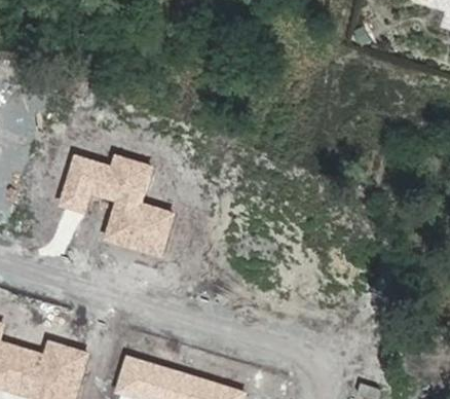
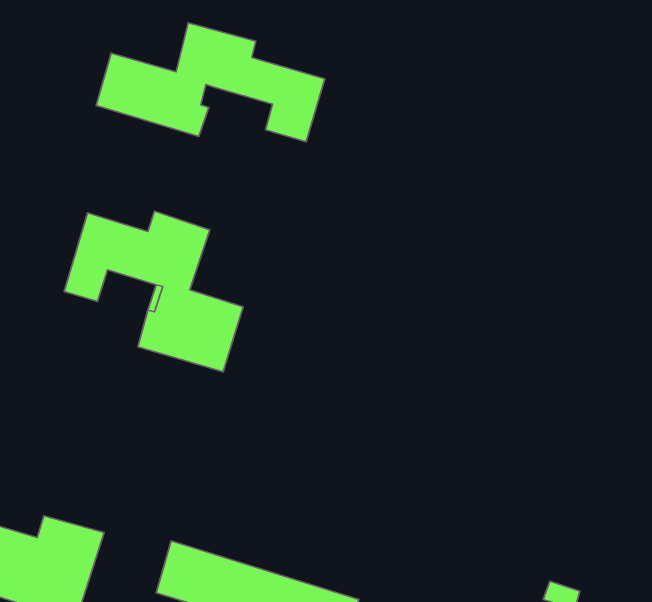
building: none -> [96,23,325,142]

